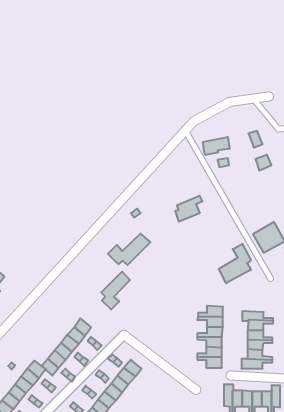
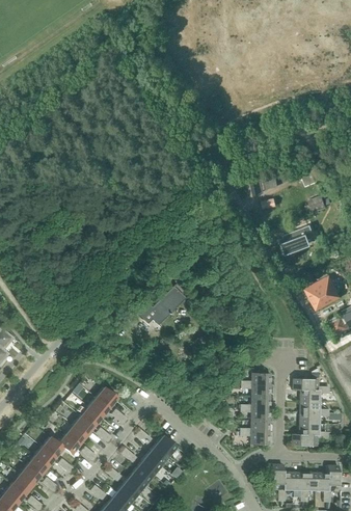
building: [175,196,203,222] -> [281,224,314,254]
building: [219,244,251,283] -> none
building: [101,272,130,310] -> none

